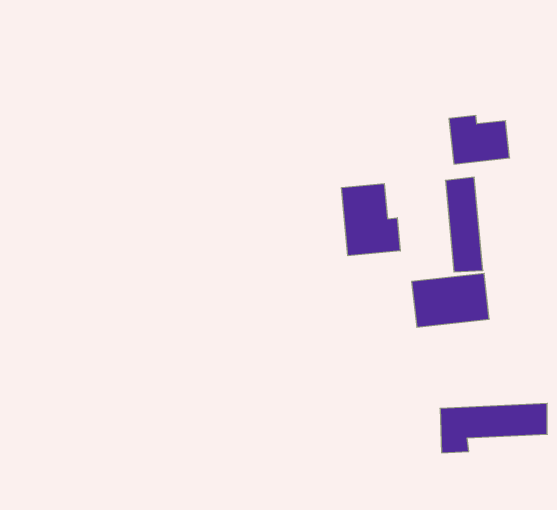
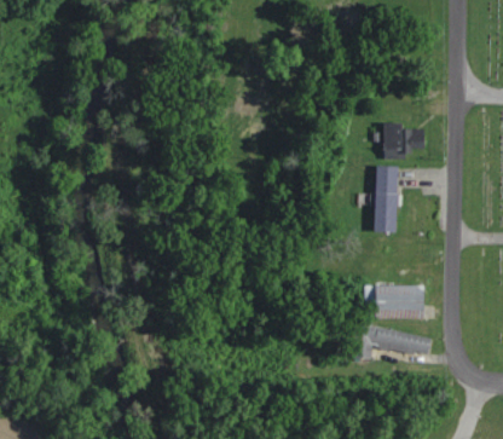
building: [342,184,400,256] -> none
building: [412,273,489,327] -> [372,287,424,319]

